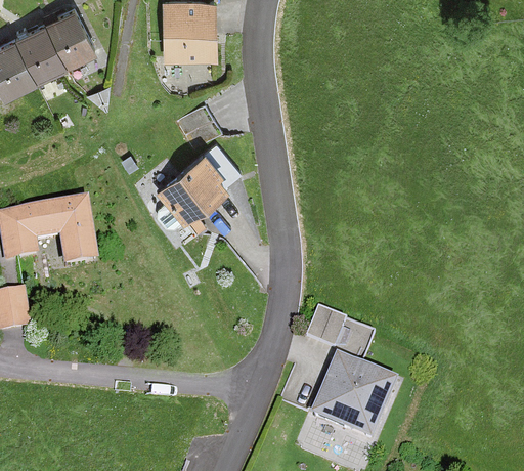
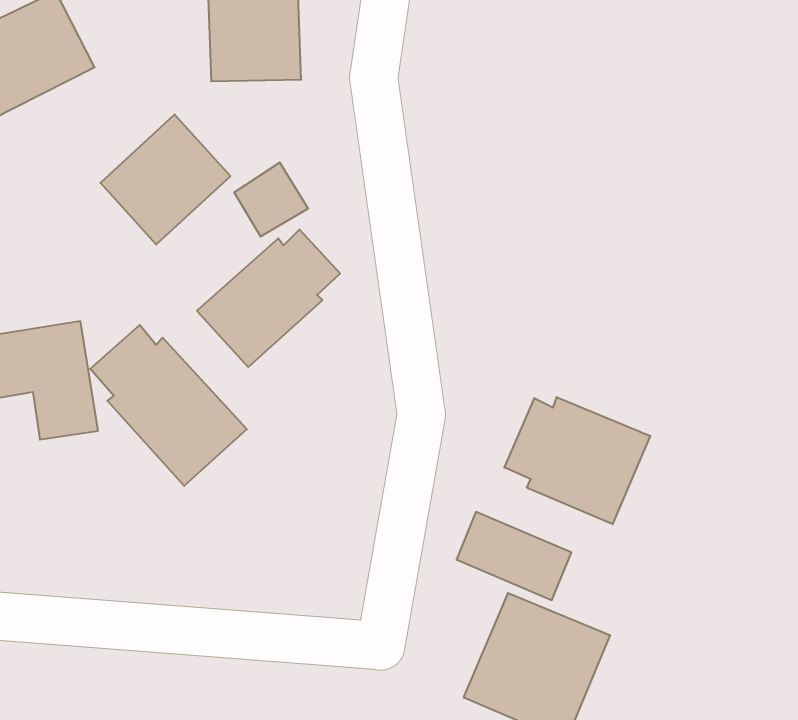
building: none -> [100,114,230,245]
building: none -> [90,325,247,486]
building: none -> [504,397,650,524]

